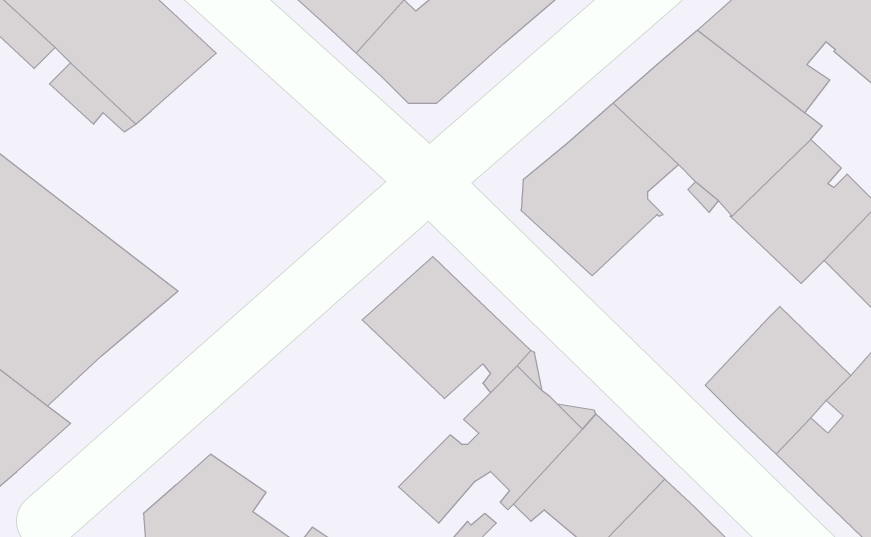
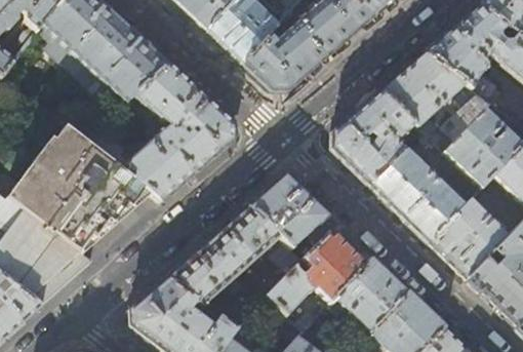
building: none -> [83,63,234,199]
building: none -> [371,149,466,240]
building: none -> [167,205,303,313]

